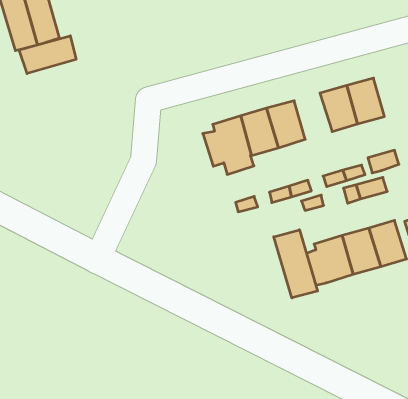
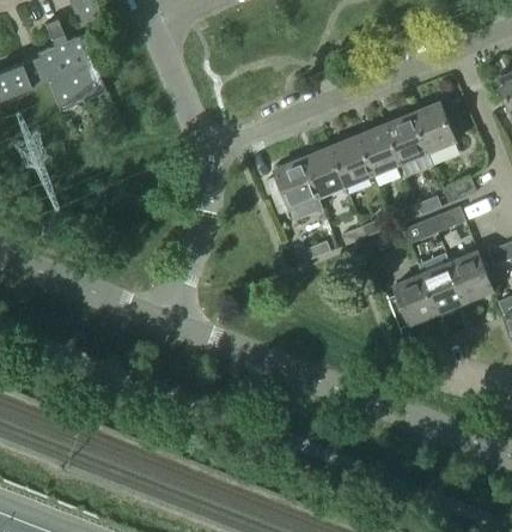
building: [19,36,76,74] -> none
building: none -> [359,123,402,174]
building: [274,230,318,298] -> none

